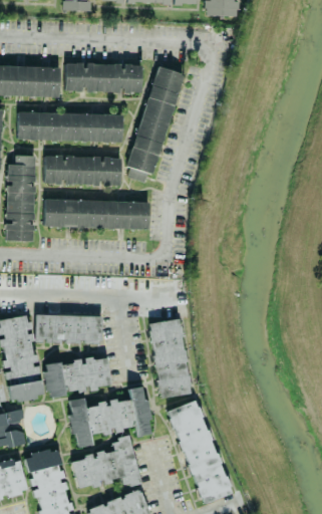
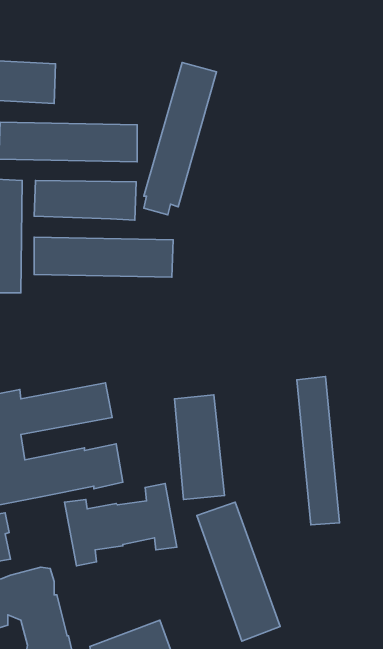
building: [64,62,141,93] -> none
building: none -> [297,376,340,525]
building: [71,436,139,488] -> none

